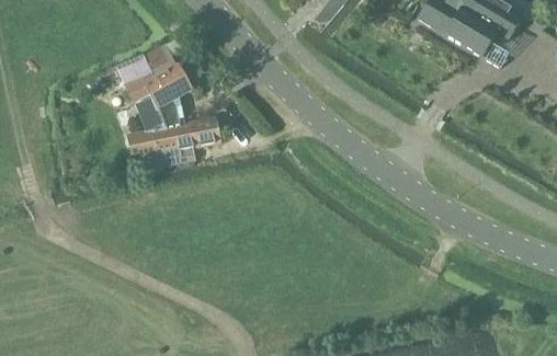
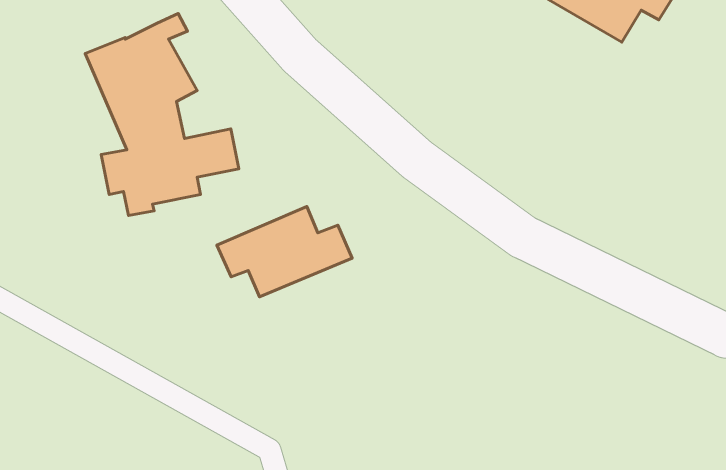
building: none -> [217,206,352,297]

